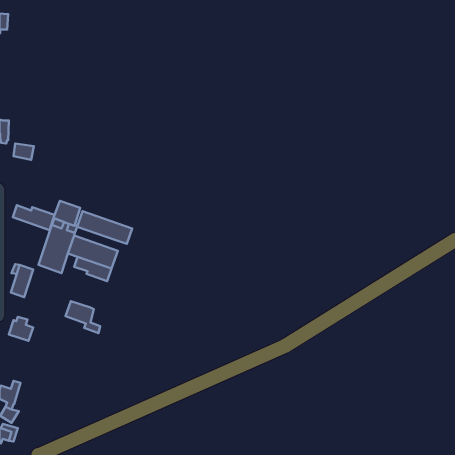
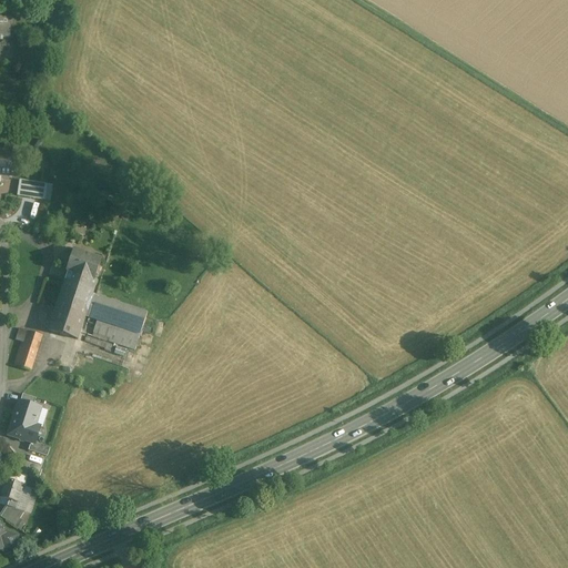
building: [13,205,54,230] -> none
building: [77,211,132,244] -> none
building: [65,301,100,333] -> [4,416,48,456]

